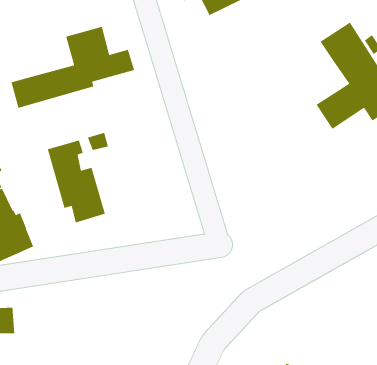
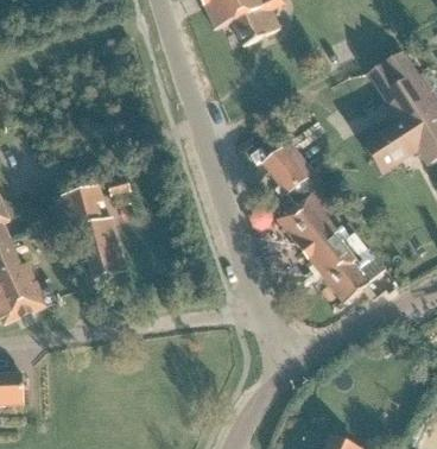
building: [11,26,135,109] -> none
building: none -> [262,147,385,303]

